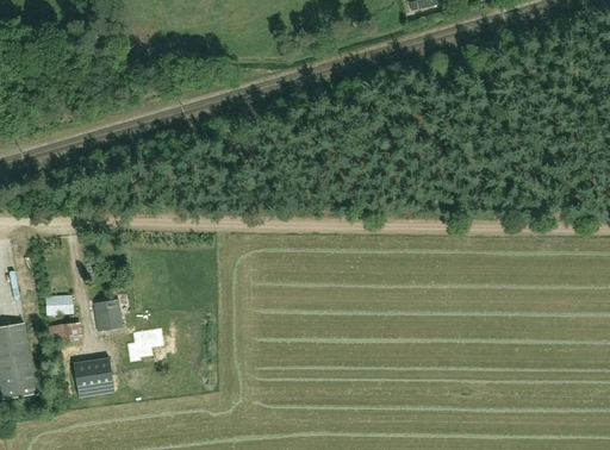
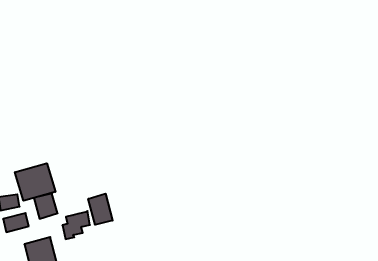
building: none -> [15,163,55,201]
building: none -> [88,194,113,225]

